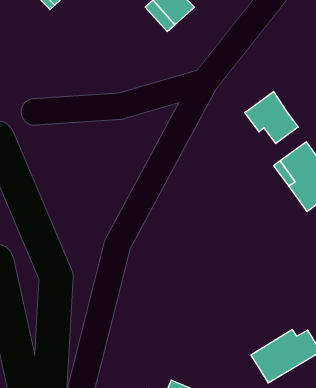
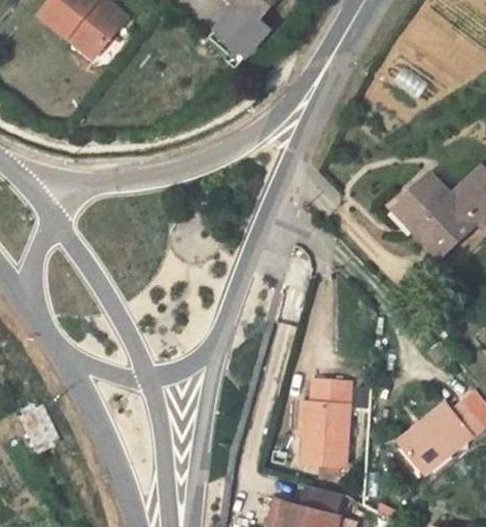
building: [245,91,298,144] -> none
building: none -> [302,380,349,467]

